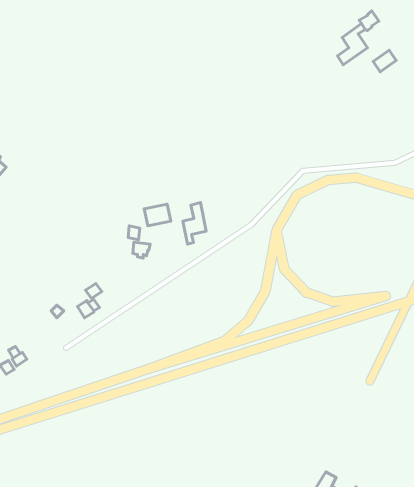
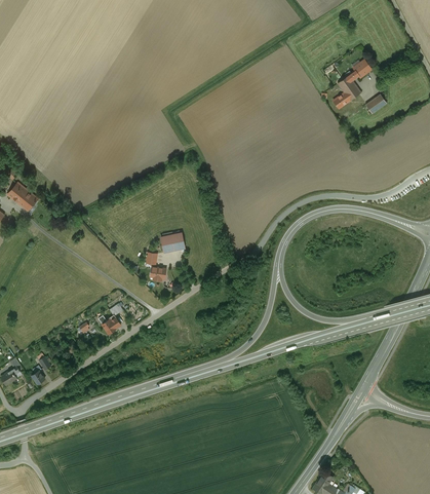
building: [183,202,206,244] -> none

